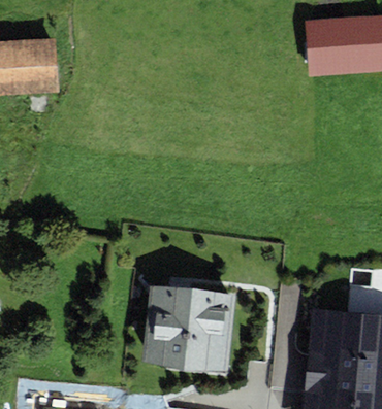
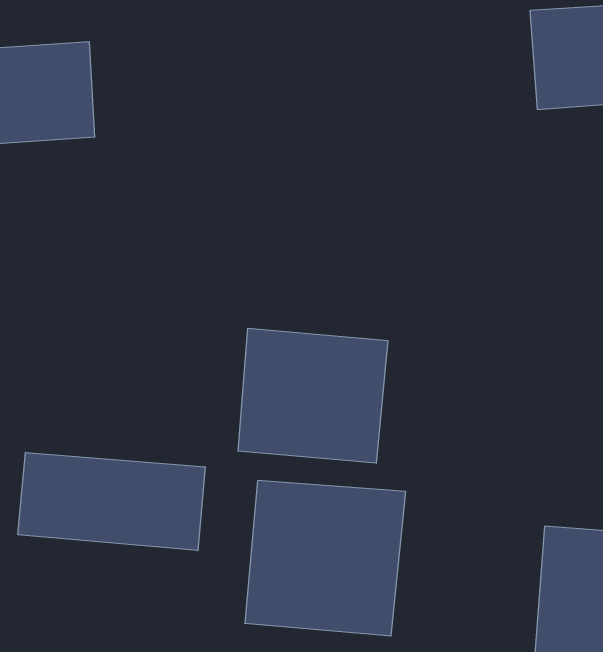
building: none -> [238,328,388,463]
building: none -> [18,452,205,551]

